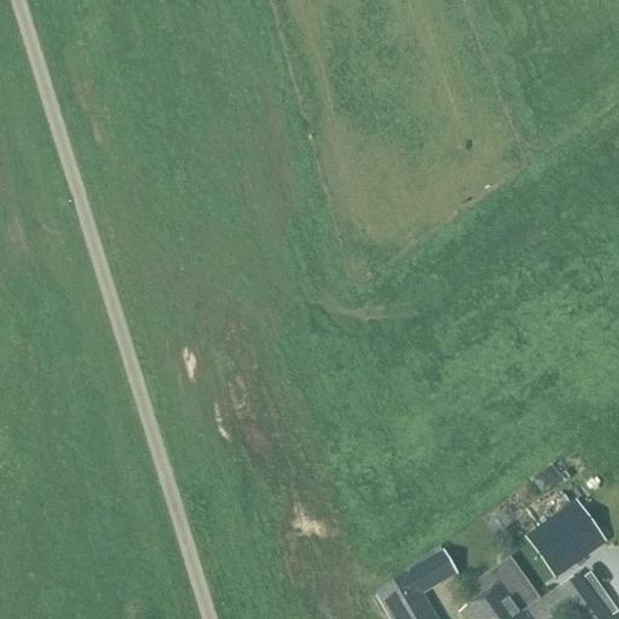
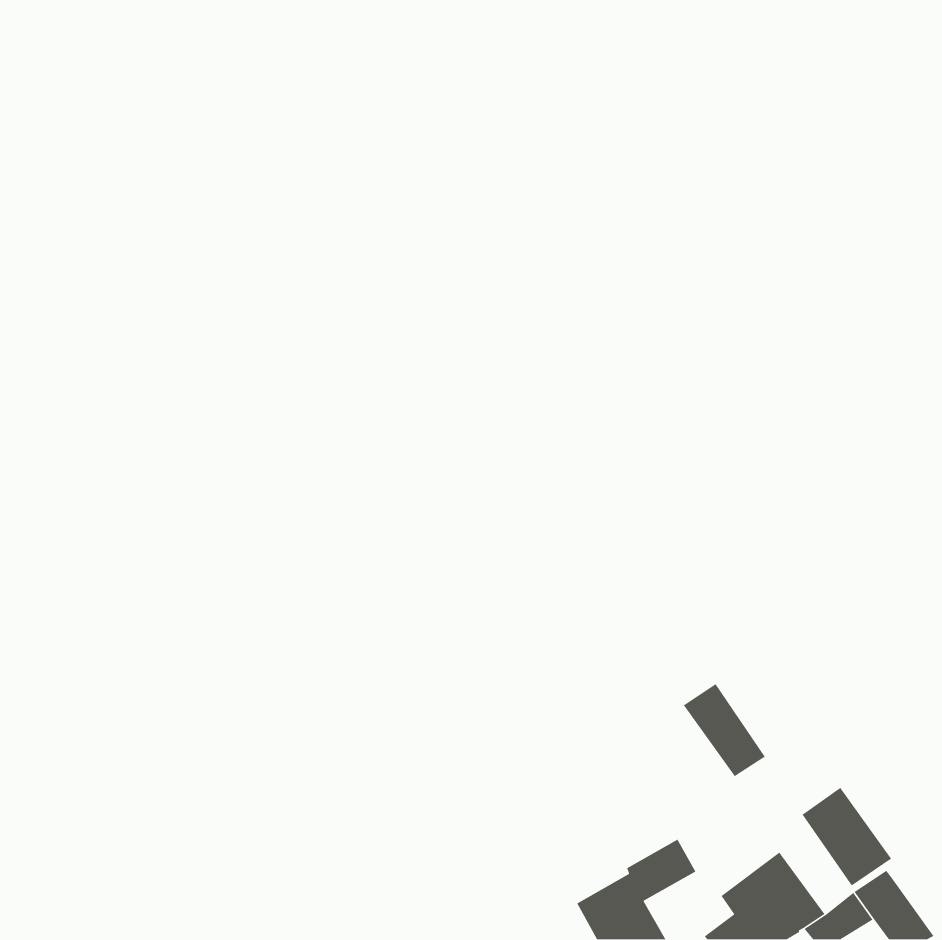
building: [551,501,606,562] -> [683,683,766,777]

